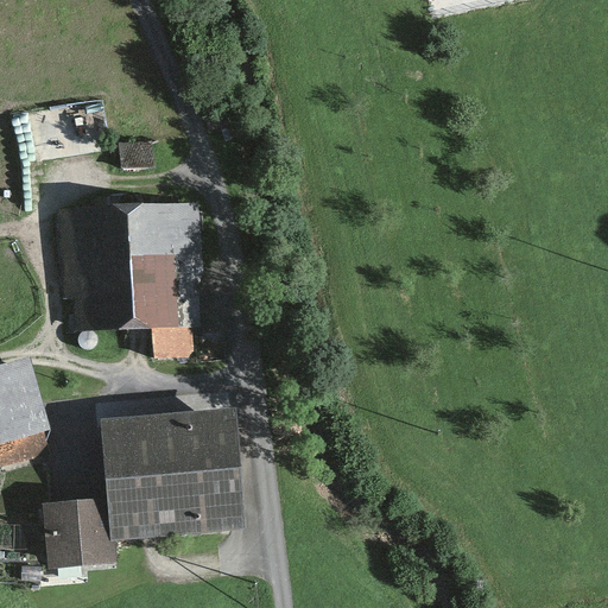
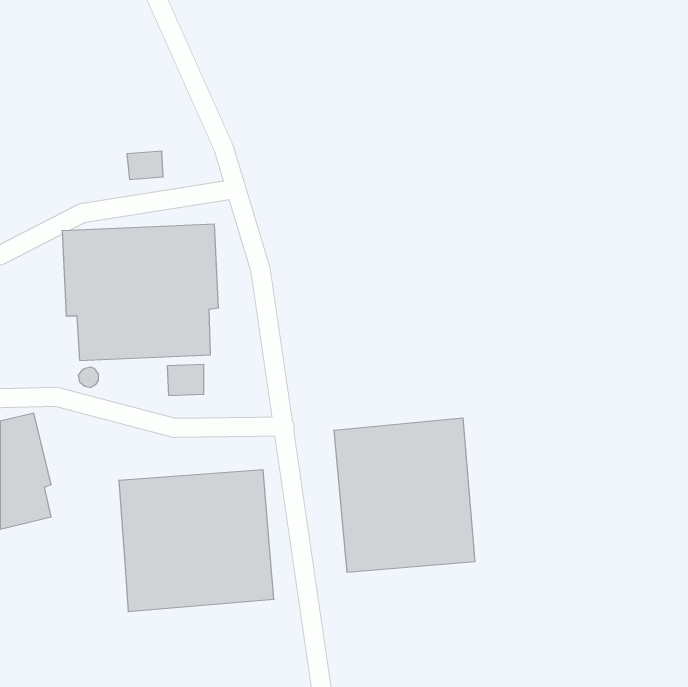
building: none -> [334,418,475,572]
building: [46,504,116,565] -> none

